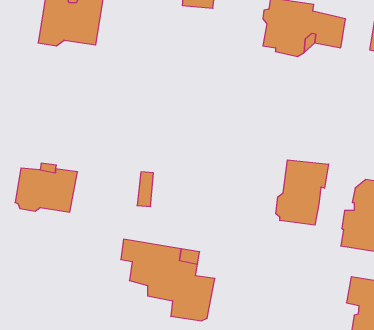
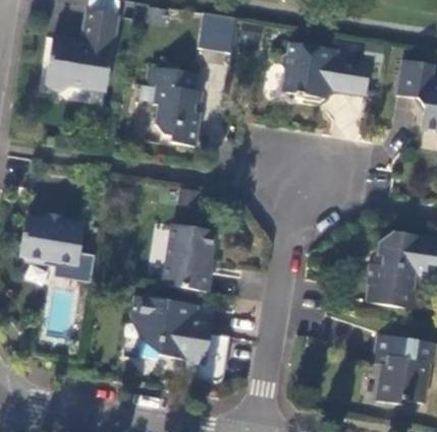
building: none -> [146,66,202,145]
building: [276,160,329,225] -> none
building: none -> [162,224,215,292]

